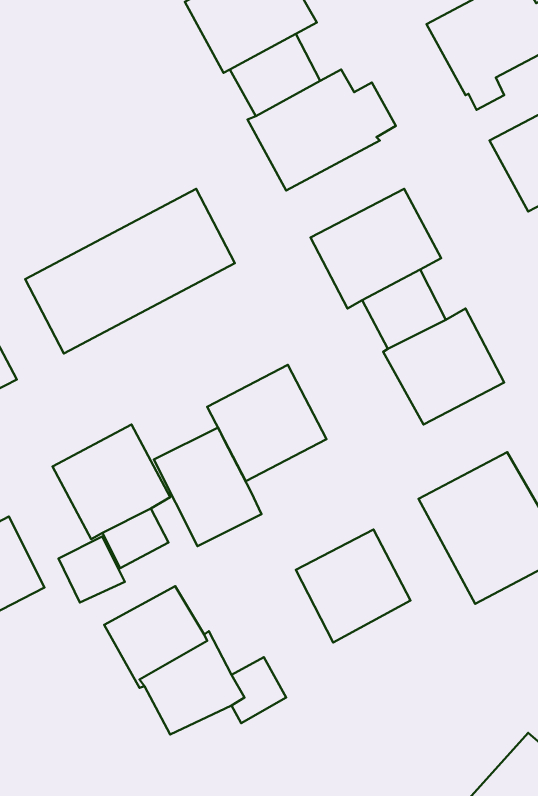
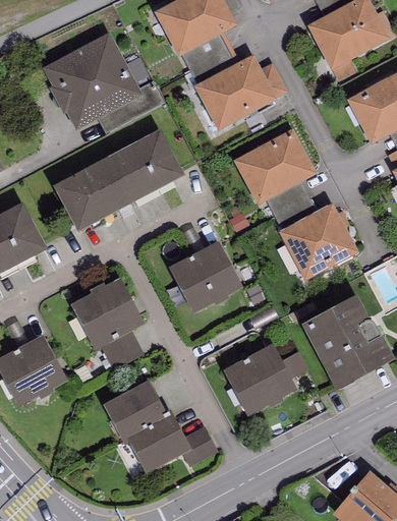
building: none -> [43,32,143,130]
building: [154,427,262,546] -> none
building: [59,537,125,602] -> none

